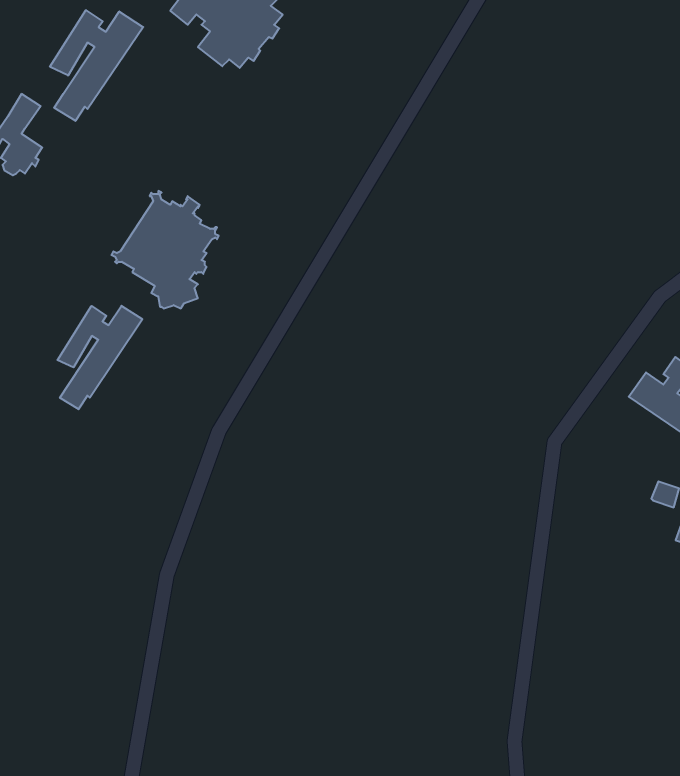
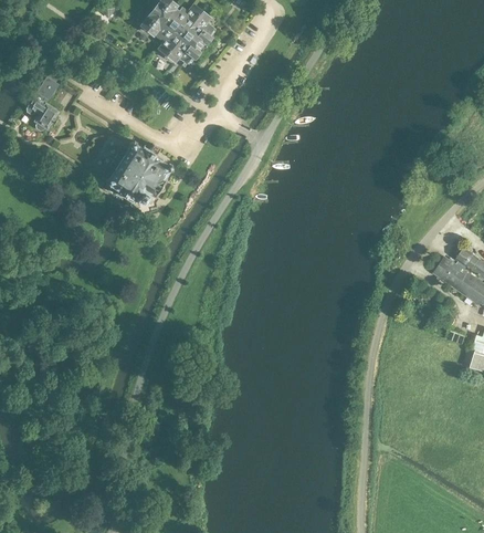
building: [50,10,143,121] -> none
building: [57,306,142,409] -> none

